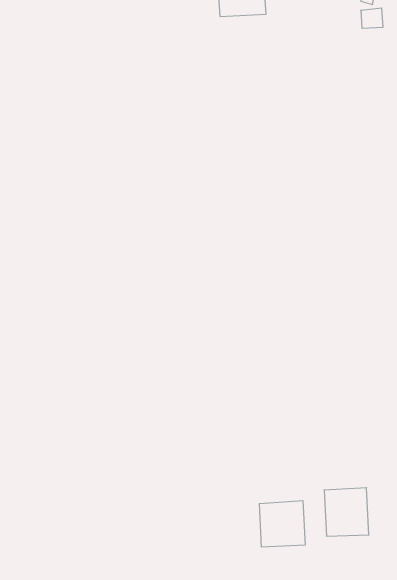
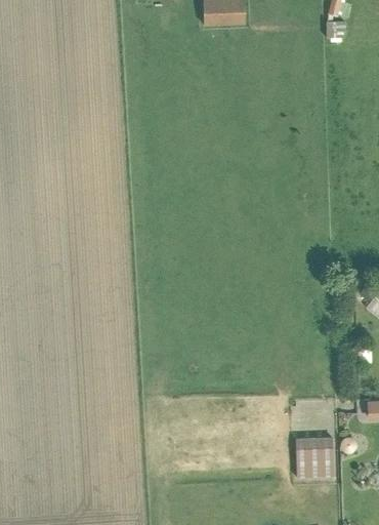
building: [259,501,305,547] -> none

